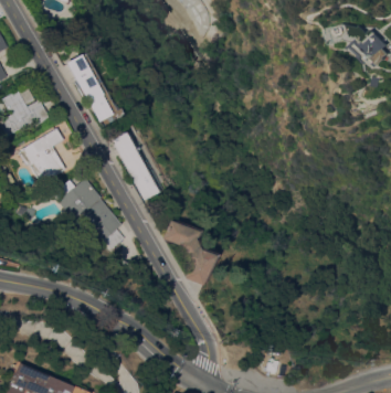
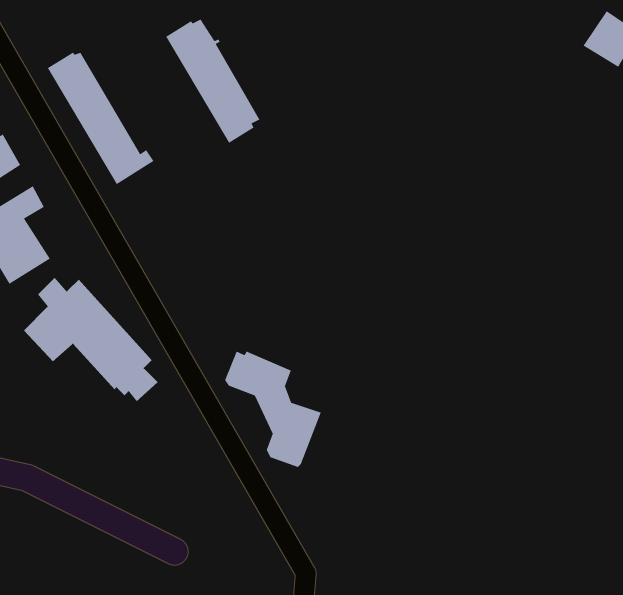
building: [108,130,161,200] -> [165,18,261,144]

